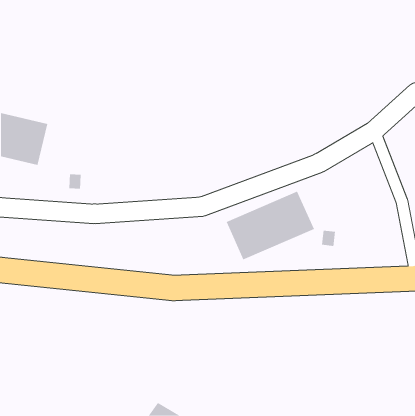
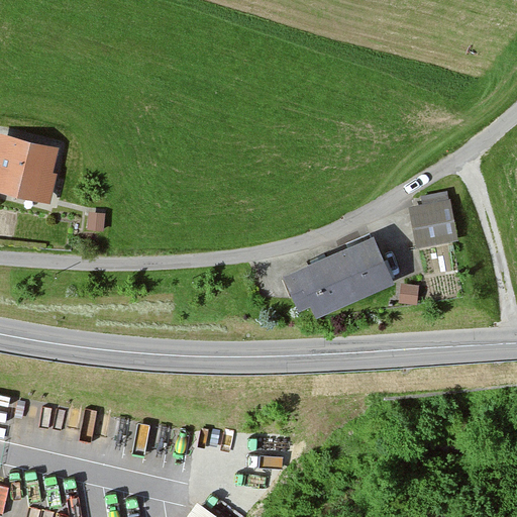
building: none -> [410,203,459,248]

